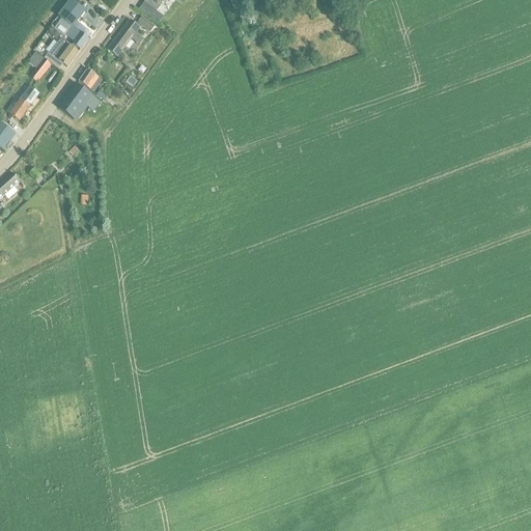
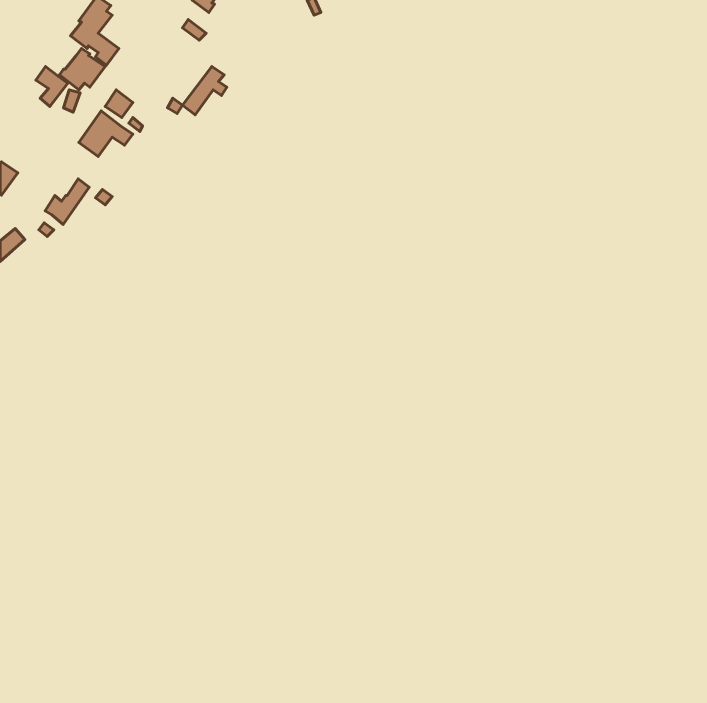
building: [108,19,141,55] -> [183,66,227,115]
building: [5,85,38,119] -> [45,179,89,225]

